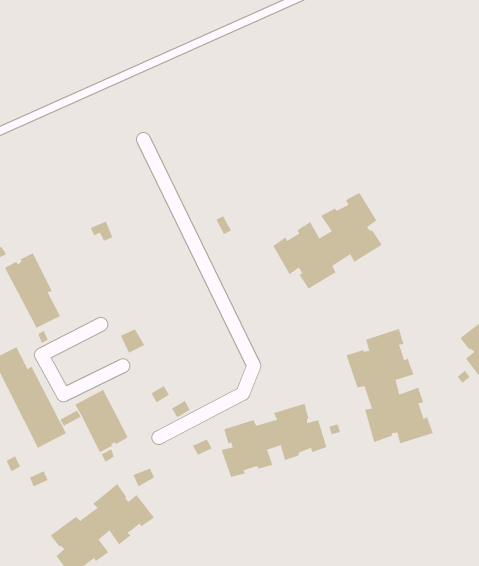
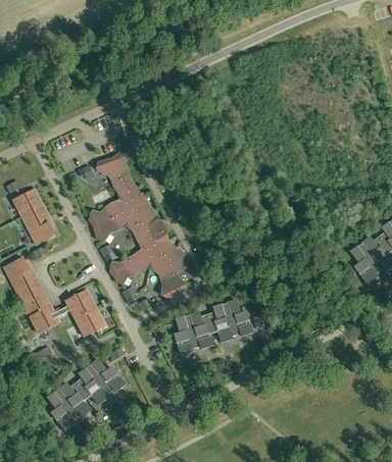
building: [272,192,382,290] -> none
building: none -> [88,156,186,298]
building: [346,328,434,444] -> none

